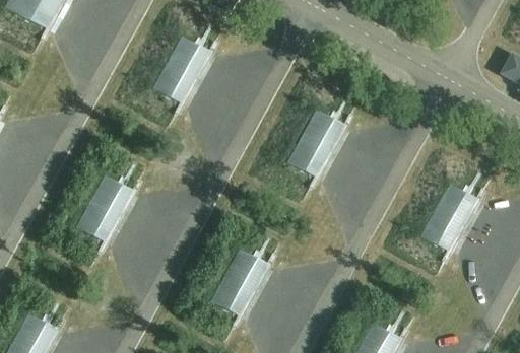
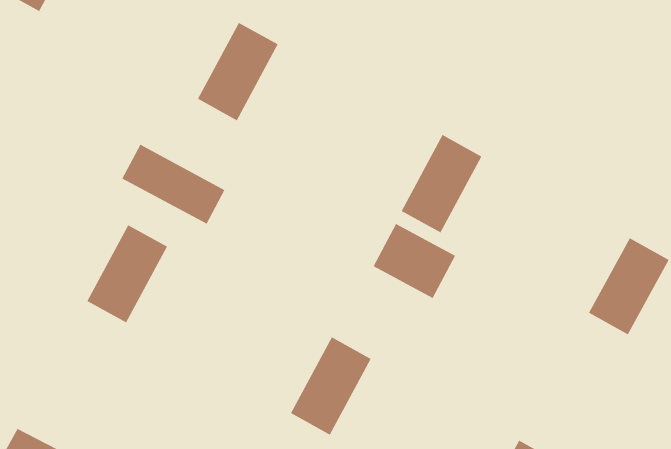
building: none -> [122,144,225,225]
building: none -> [373,223,456,299]

